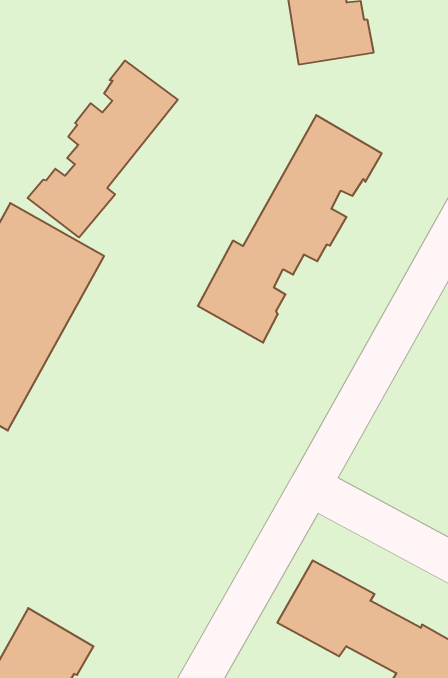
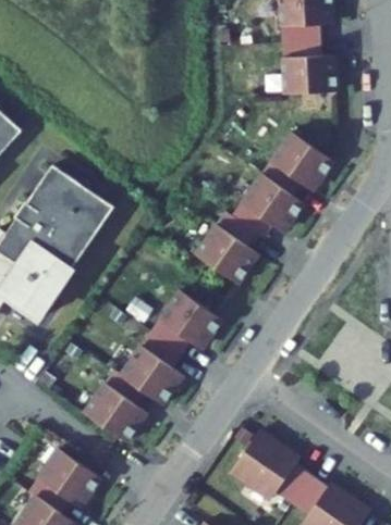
building: [28,61,178,237] -> none
building: none -> [84,287,222,440]

